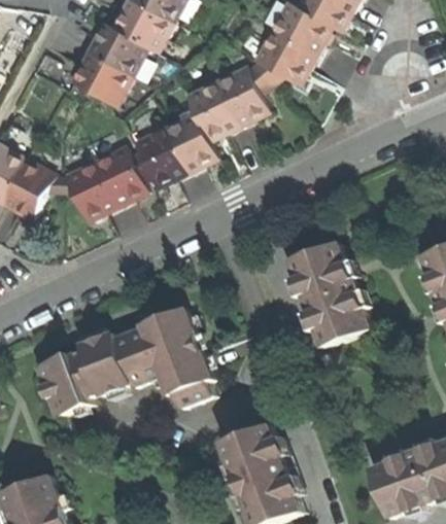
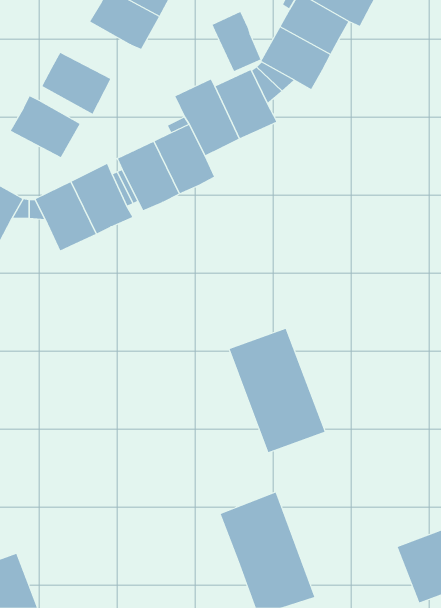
building: none -> [212,11,261,72]
building: [84,23,144,75] -> [10,96,81,158]
building: [288,242,370,347] -> [229,328,325,453]
building: [40,307,211,414] -> none

